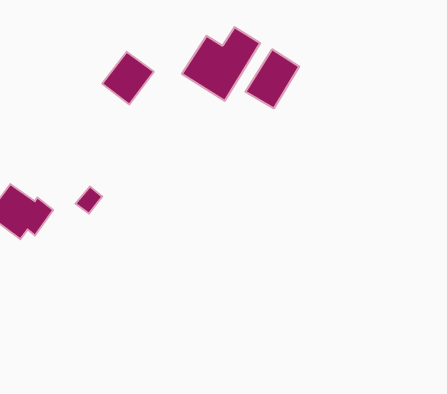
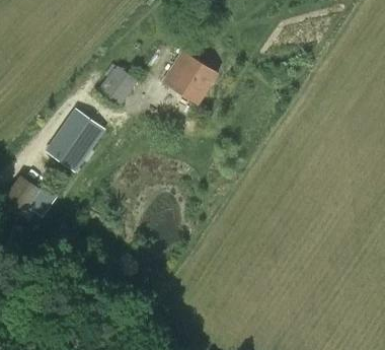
building: [245,49,299,108] -> none
building: none -> [47,110,103,170]

